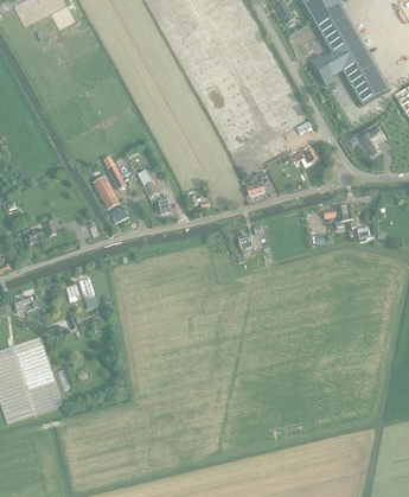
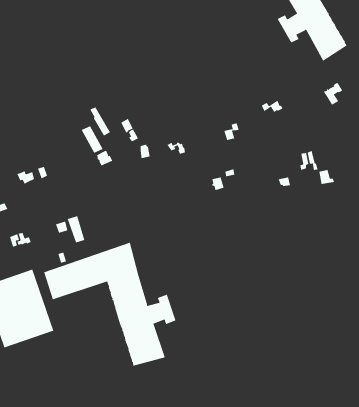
building: none -> [44,242,176,366]

